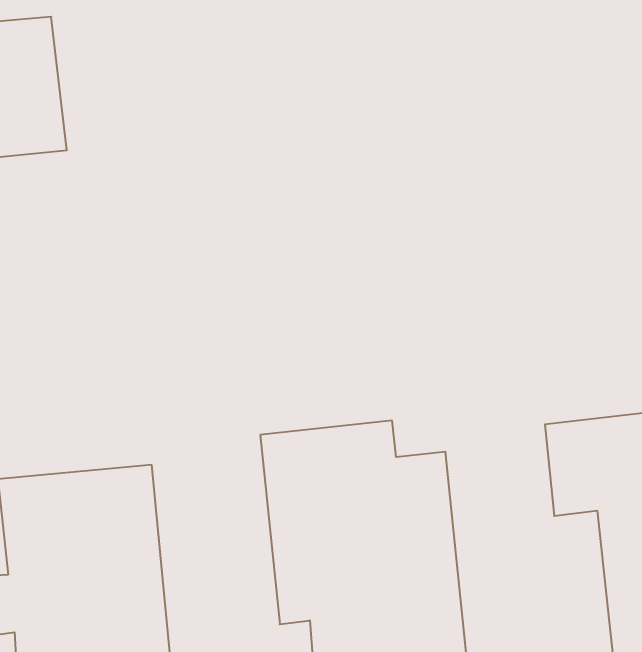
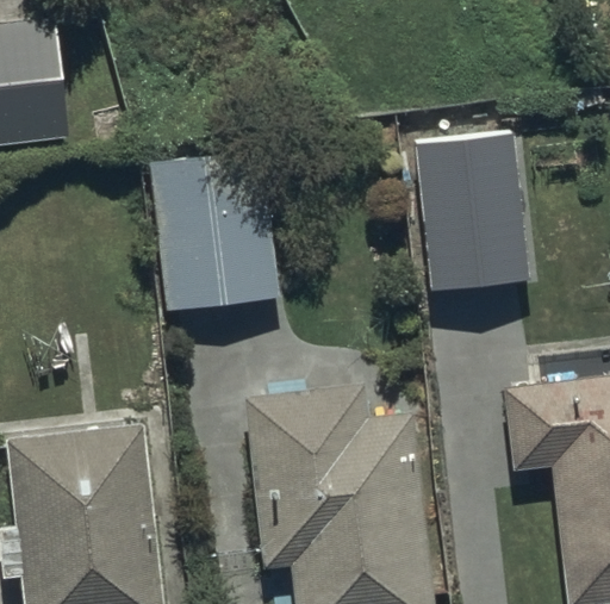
building: none -> [403,119,497,278]
building: none -> [150,154,282,315]

